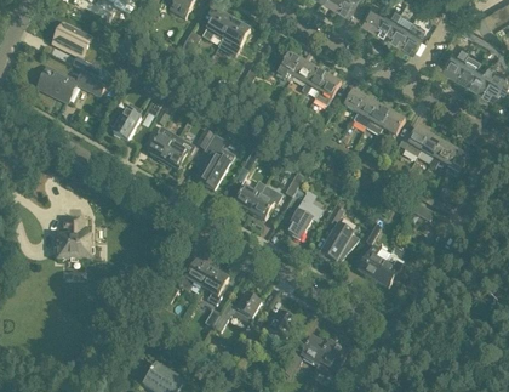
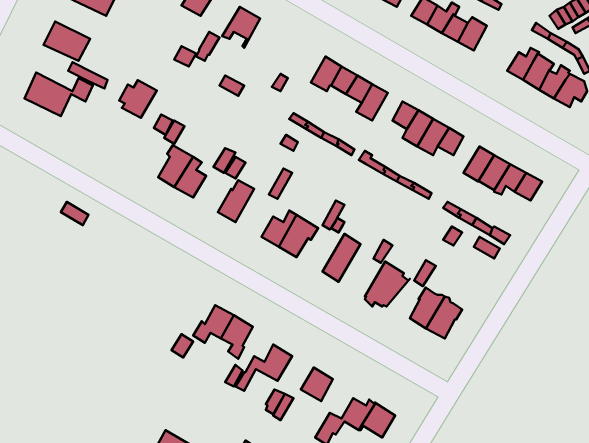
building: [219,21,248,59] -> none
building: [108,108,139,140] -> [119,80,157,118]
building: [57,220,90,260] -> none

